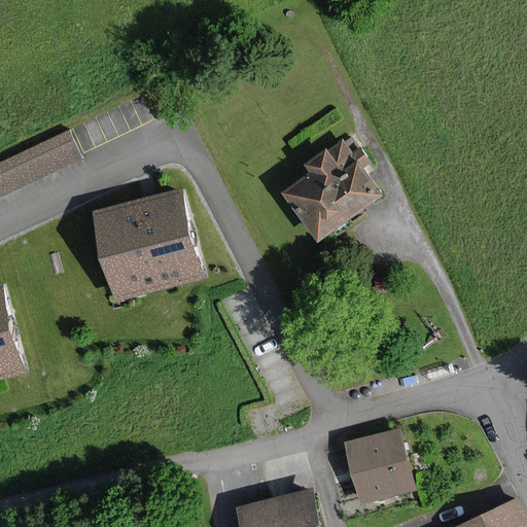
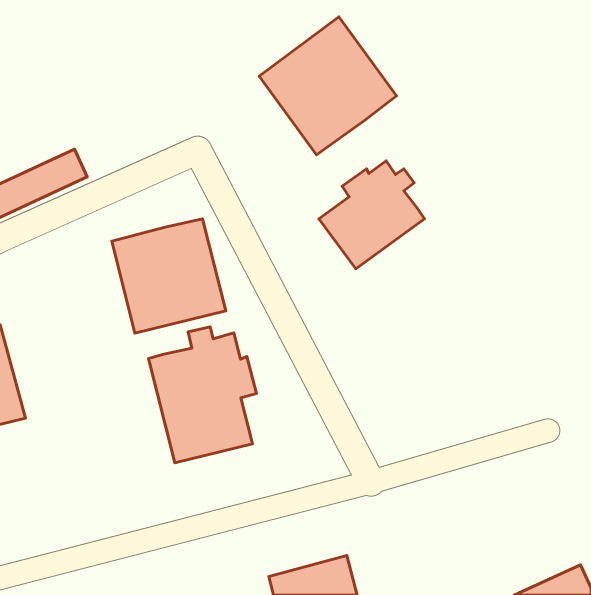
building: none -> [259,17,396,155]
building: none -> [148,327,256,463]
building: [345,432,409,501] -> none

